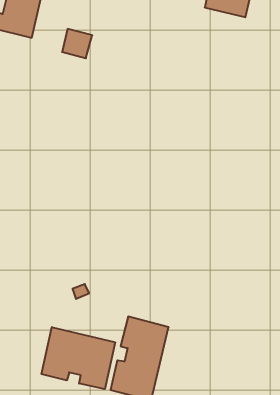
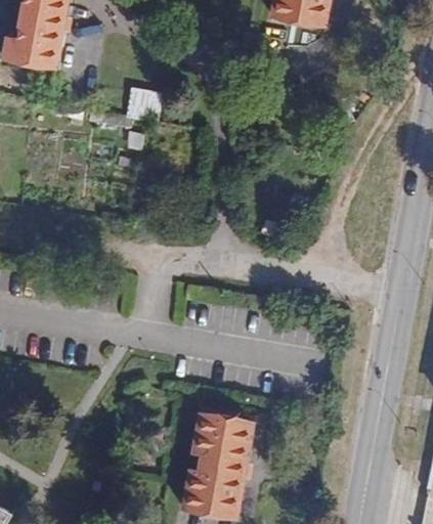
building: [62,29,92,58] -> [127,86,164,122]
building: [41,327,115,389] -> none

